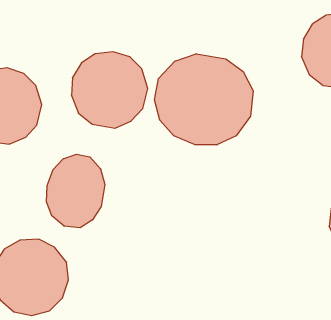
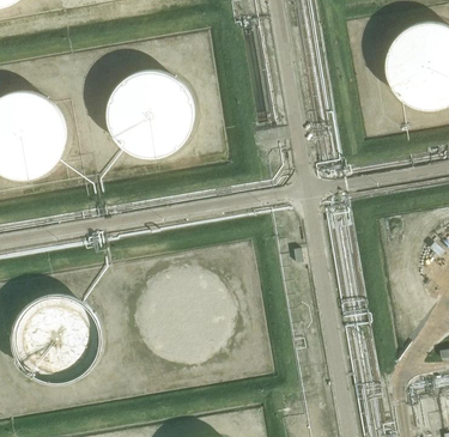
building: [154,54,253,145] -> none
building: [46,154,105,228] -> none

